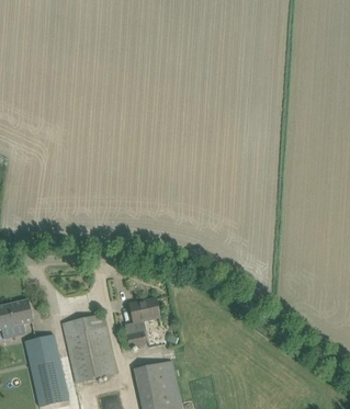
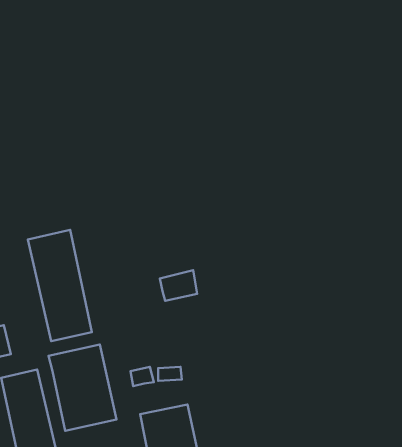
building: none -> [28,230,92,341]
building: [128,297,158,321] -> [160,270,197,301]

